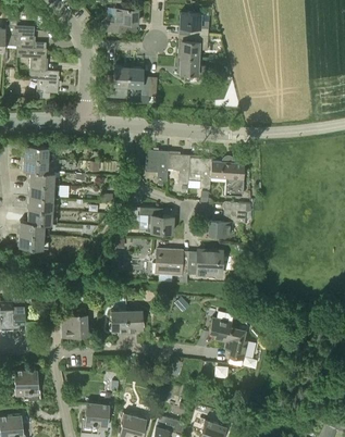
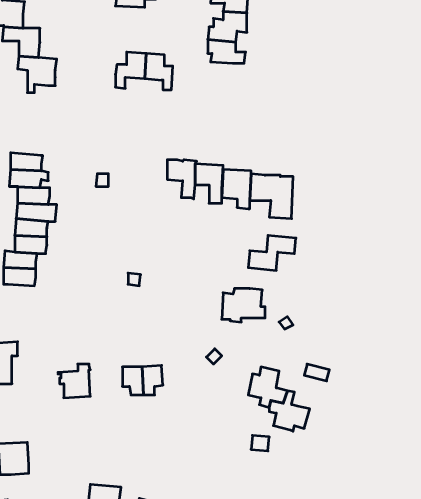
building: [139,208,173,233] -> none
building: [152,249,189,283] -> none

